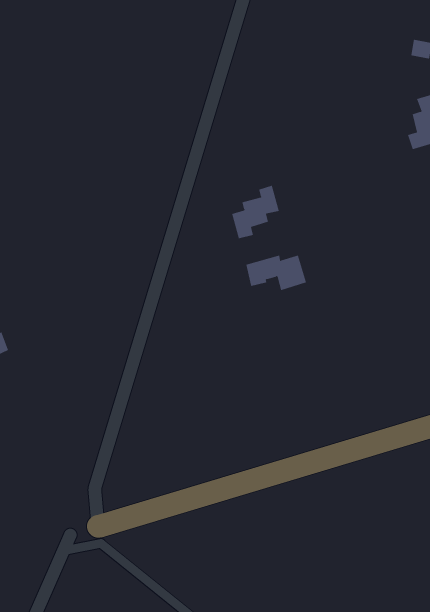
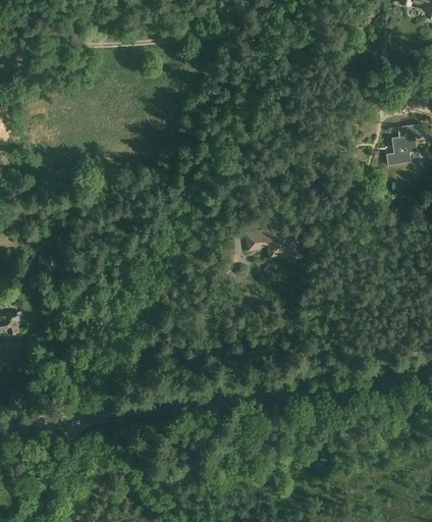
building: [232,185,279,239] -> none

